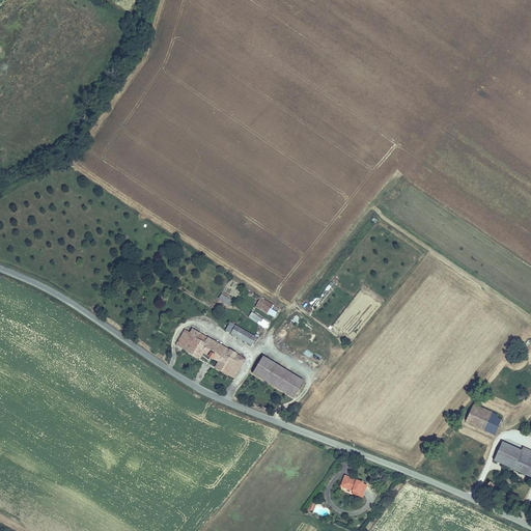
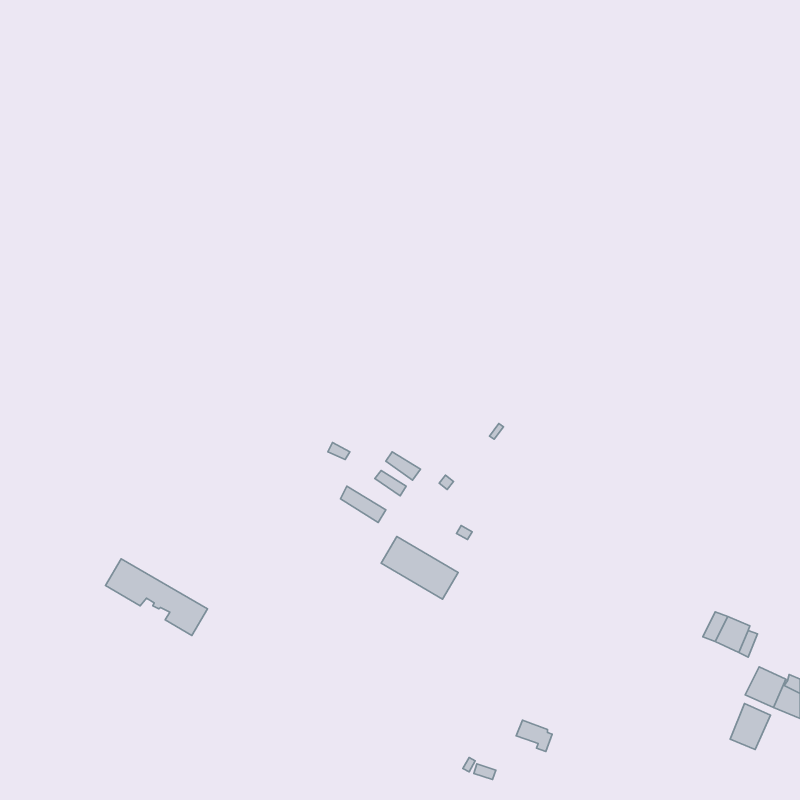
building: [176,326,244,376] -> [106,559,208,636]
building: none -> [730,704,770,749]

